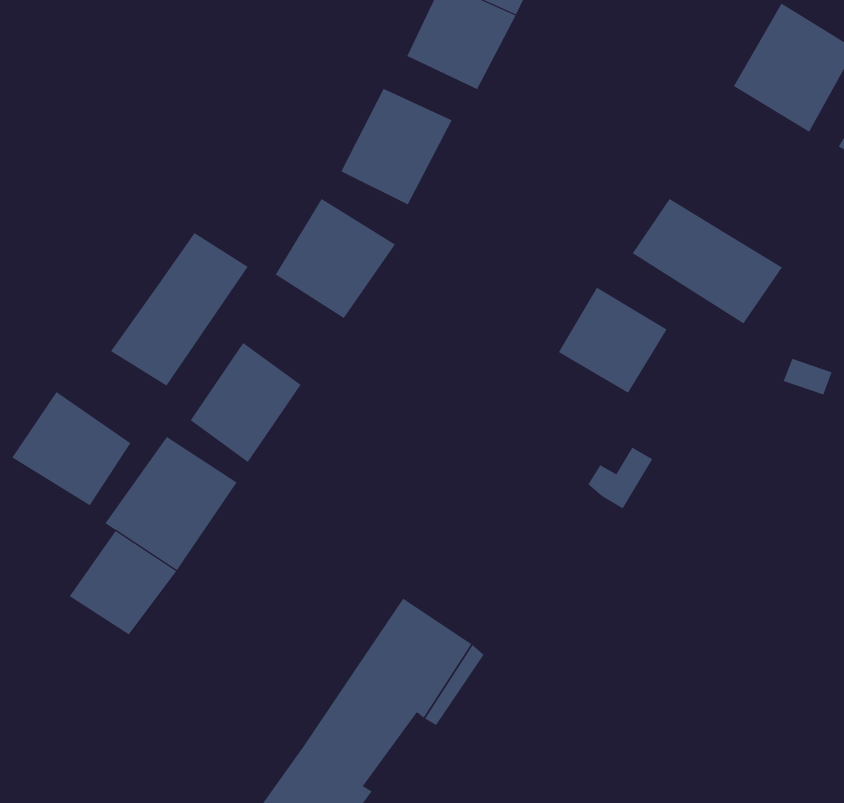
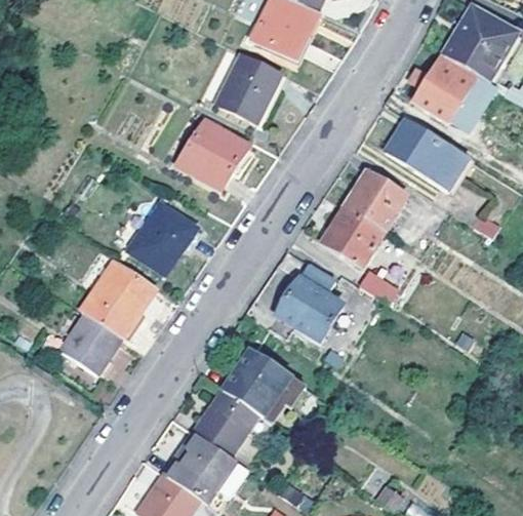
building: none -> [408,61,472,129]
building: [110,232,248,387] -> none
building: none -> [322,207,384,266]
building: [11,391,131,506] -> none
building: none -> [268,263,343,342]

